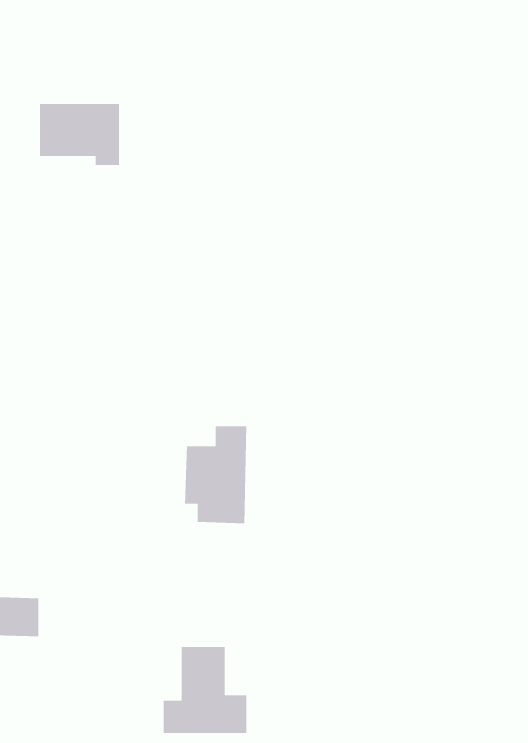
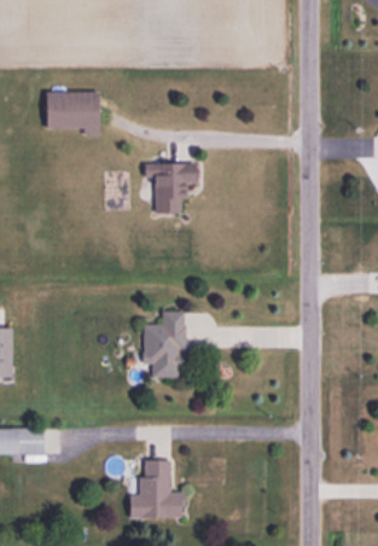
building: none -> [145,164,196,216]

